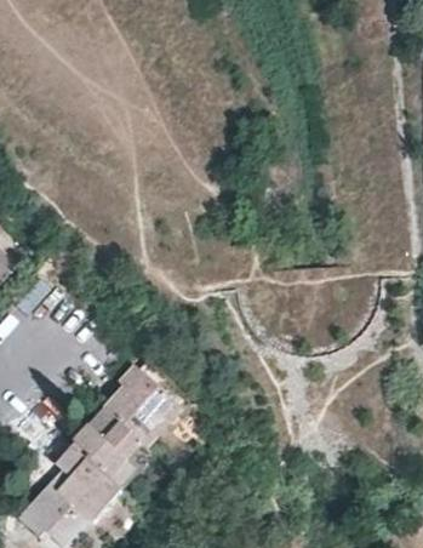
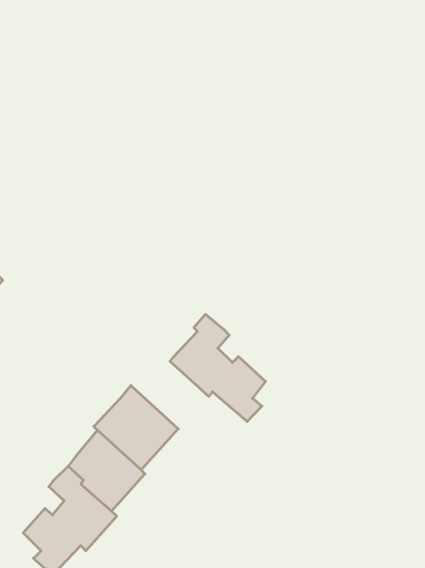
building: none -> [170,314,266,422]

